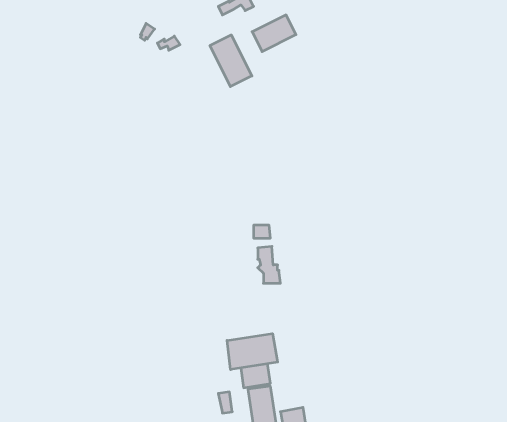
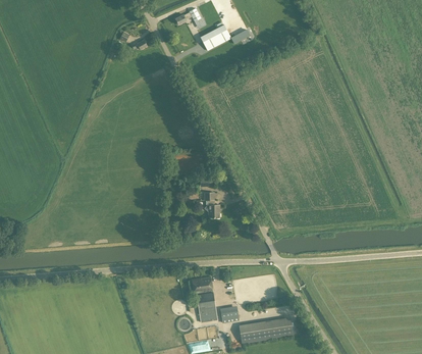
building: [210,35,252,87] -> none
building: [227,334,278,370] -> none

